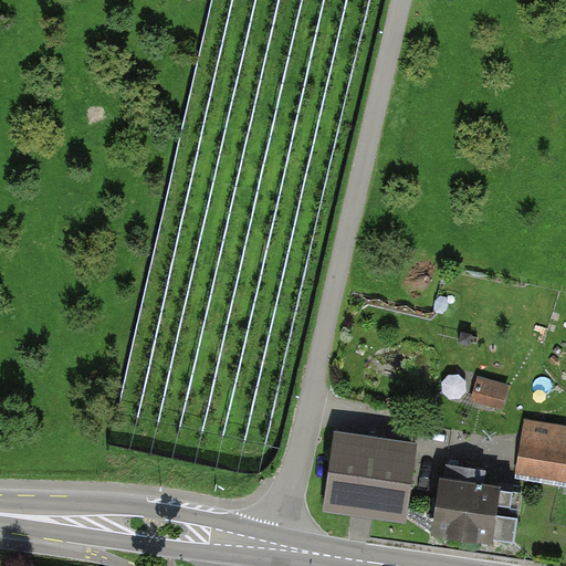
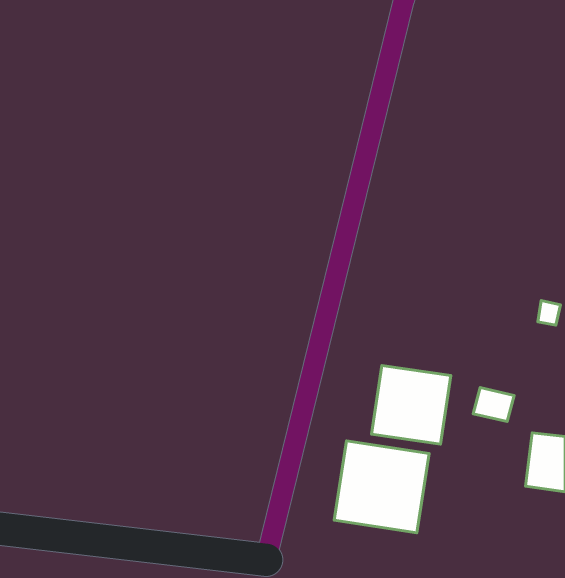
building: none -> [371,365,451,444]
building: [442,479,506,538] -> none

